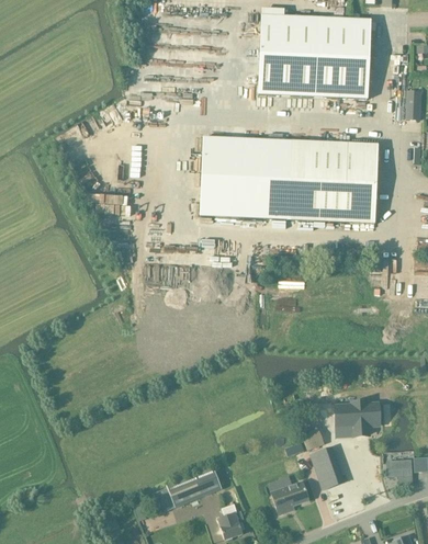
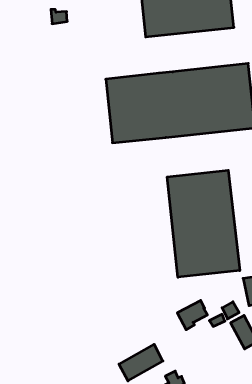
building: none -> [167,170,240,277]
building: [271,479,307,512] -> [177,300,207,330]

